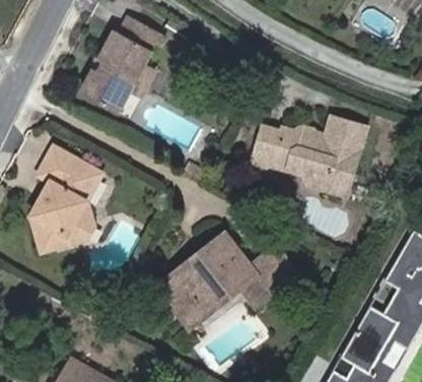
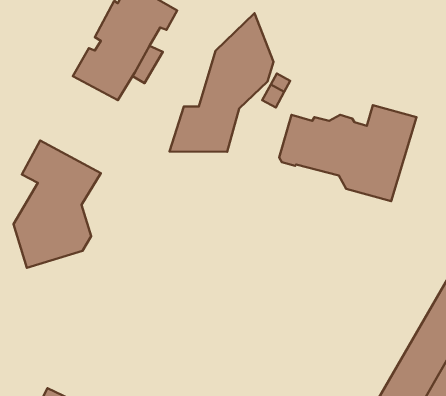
building: none -> [169,13,273,152]
building: [156,234,298,329] -> none

